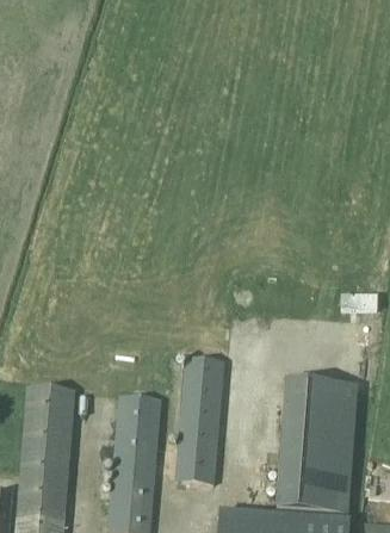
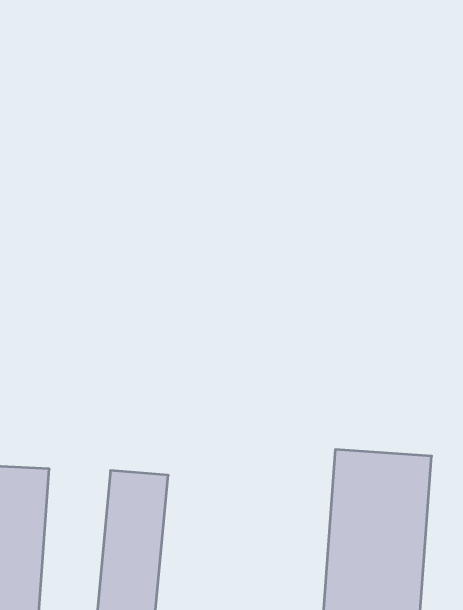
building: [175,365,223,489] -> none

